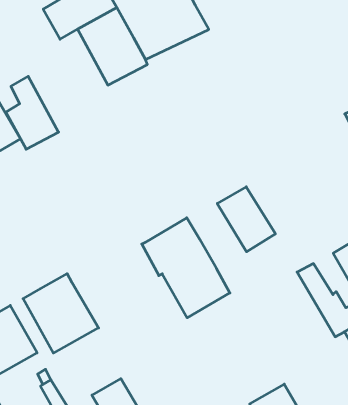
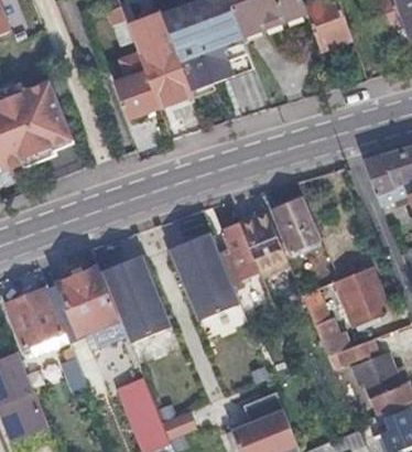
building: [6,76,59,149] -> [115,53,159,117]
building: none -> [272,196,322,251]
building: none -> [220,224,260,281]
building: none -> [102,259,172,347]

